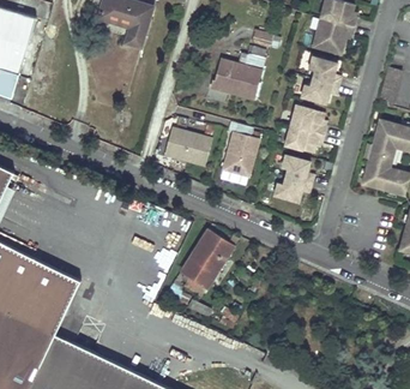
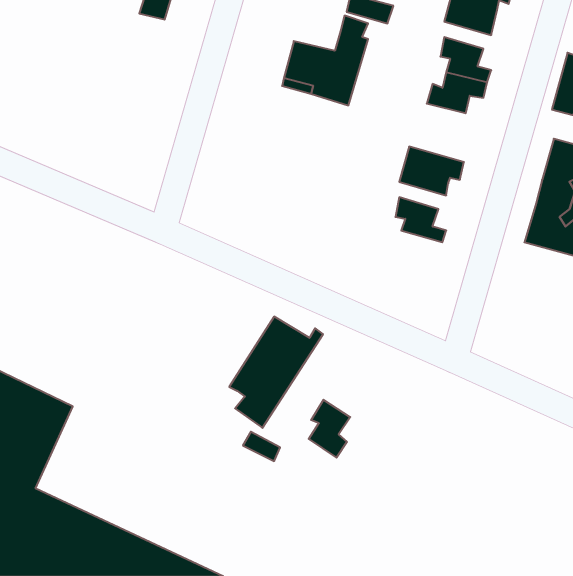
building: [290,106,326,133] -> none
building: [163,126,211,164] -> none
building: [222,130,258,175] -> none
building: [273,175,310,203] -> none
building: none -> [309,400,350,458]

